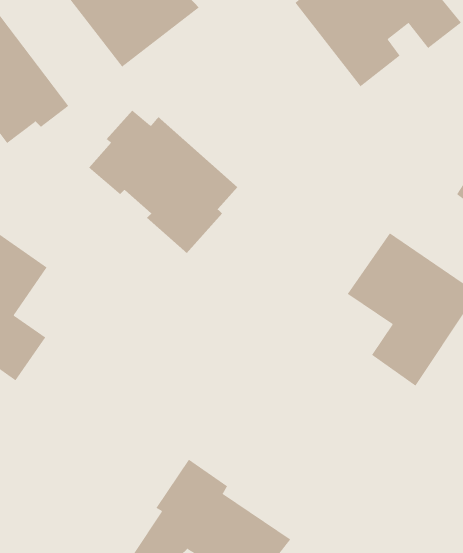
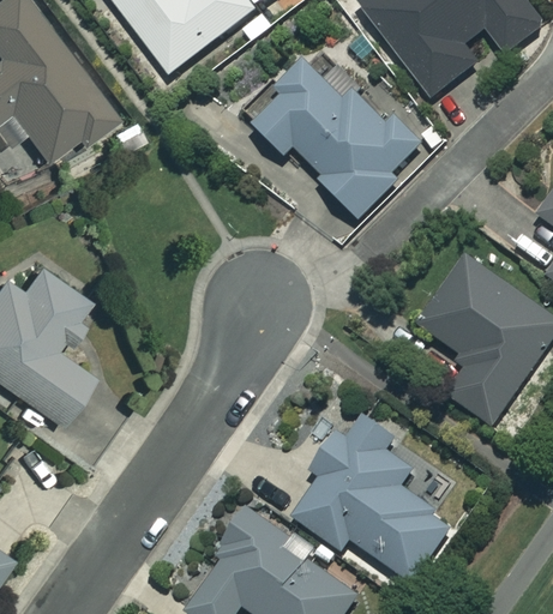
building: [88,110,238,254] -> [252,62,416,221]
building: none -> [294,414,452,582]

